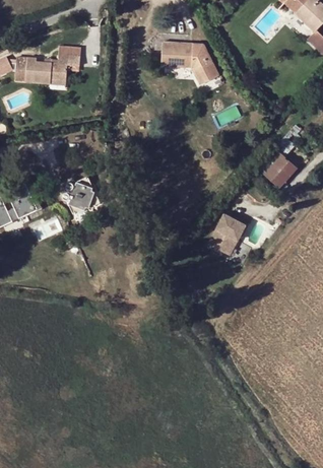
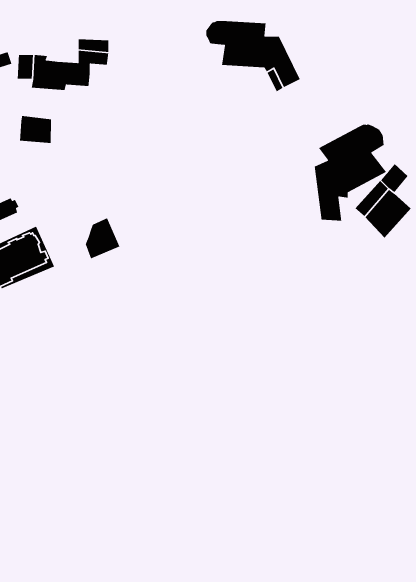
building: none -> [19,115,52,144]
building: none -> [314,124,387,222]
building: [207,214,244,256] -> none

